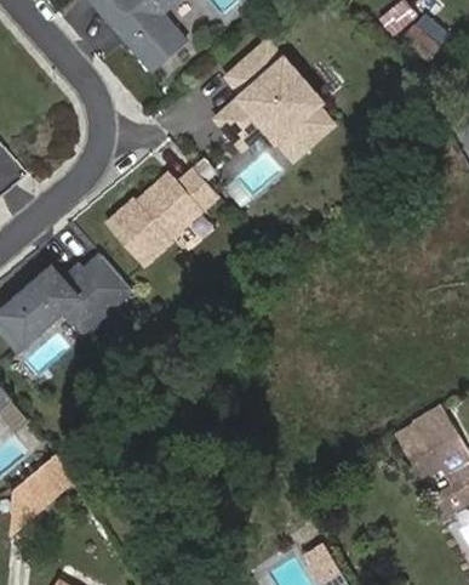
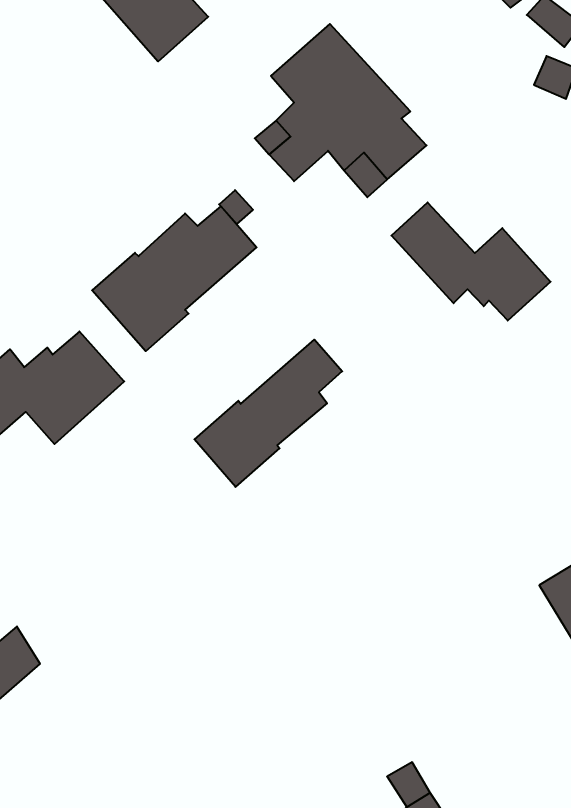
building: none -> [391,202,551,321]
building: none -> [194,340,342,487]

